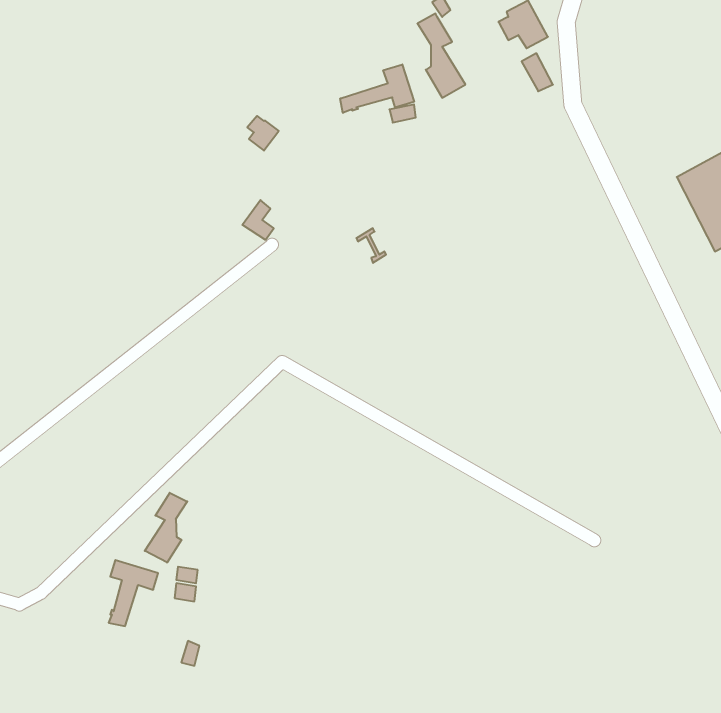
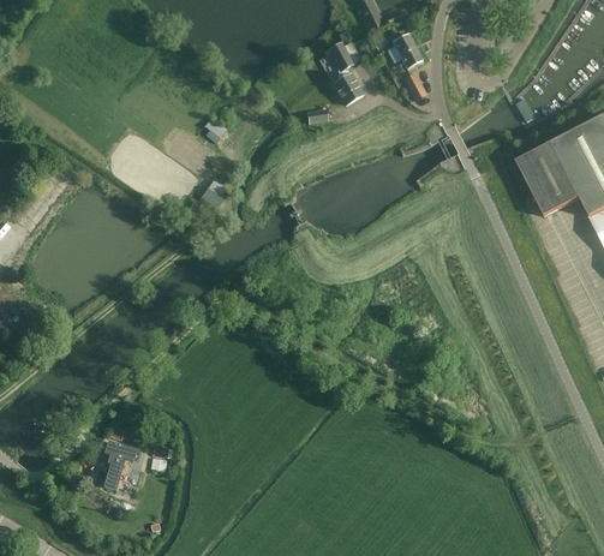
building: [340,64,414,113] -> none
building: [145,493,187,563] -> none

